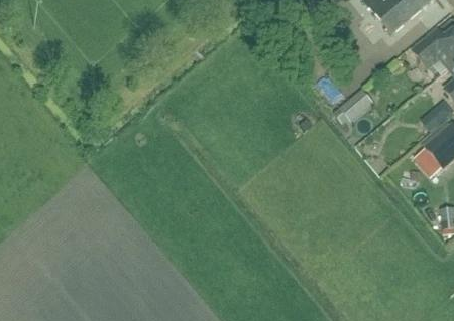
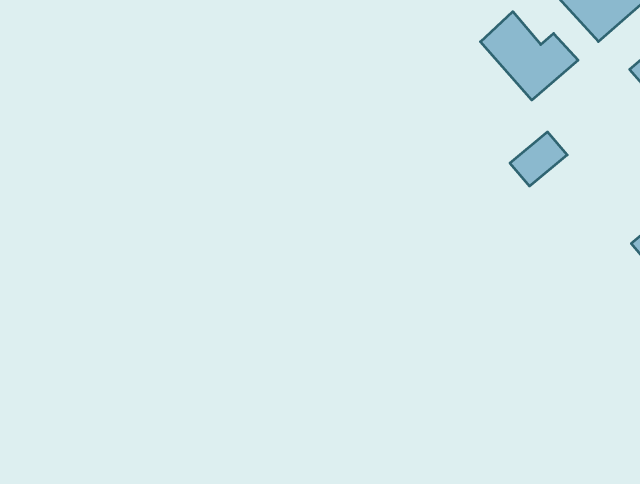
building: none -> [480,12,578,100]

